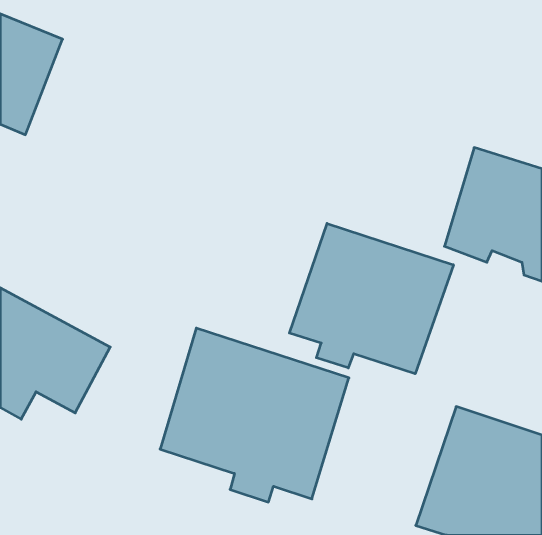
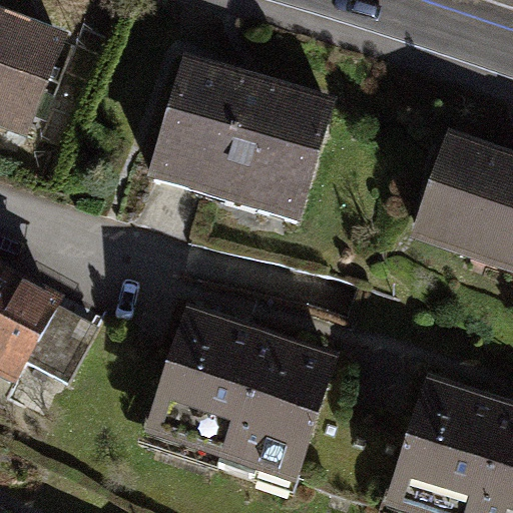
building: none -> [153,61,329,216]
building: [289,223,453,374] -> none

